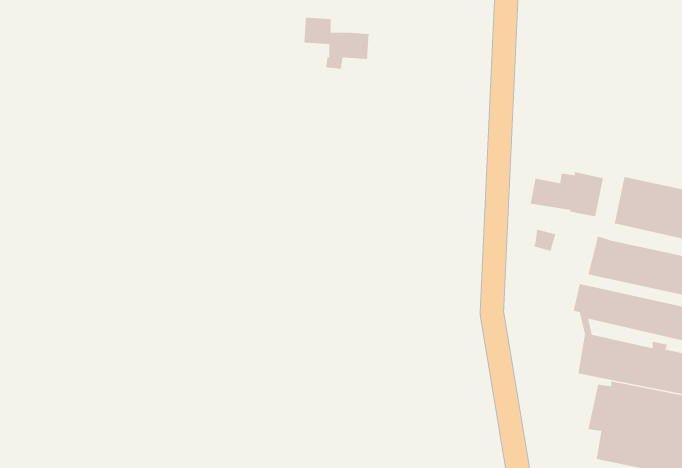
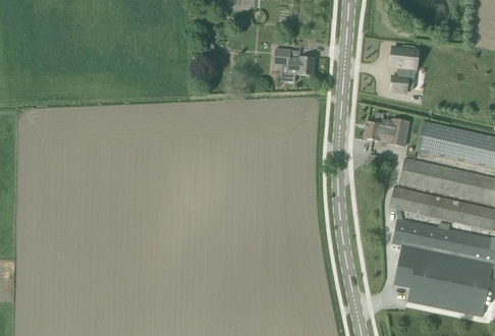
building: [304,17,370,70] -> [274,49,315,81]
building: none -> [387,47,414,94]

